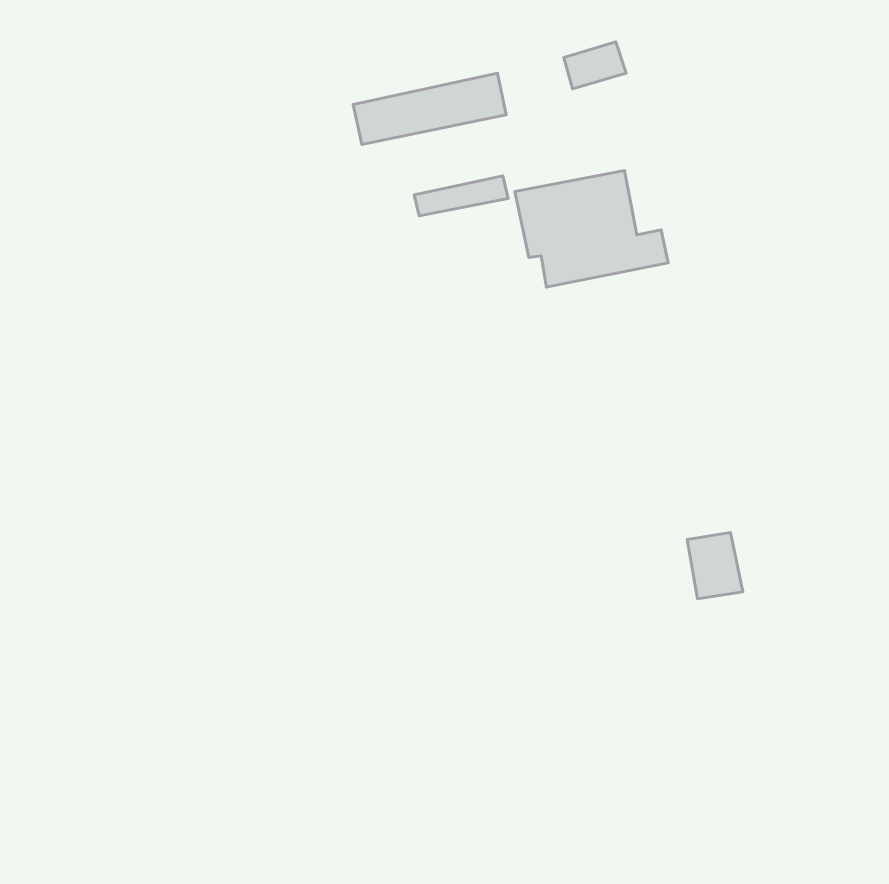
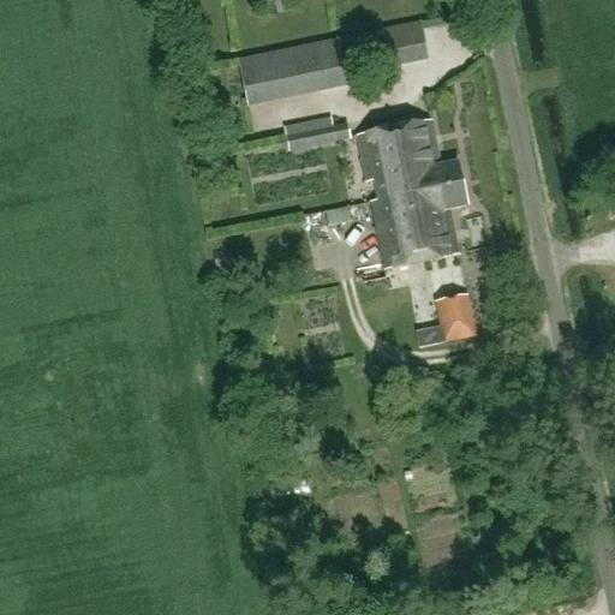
building: none -> [369,181,466,265]
building: [687,533,743,599] -> [436,293,474,339]

